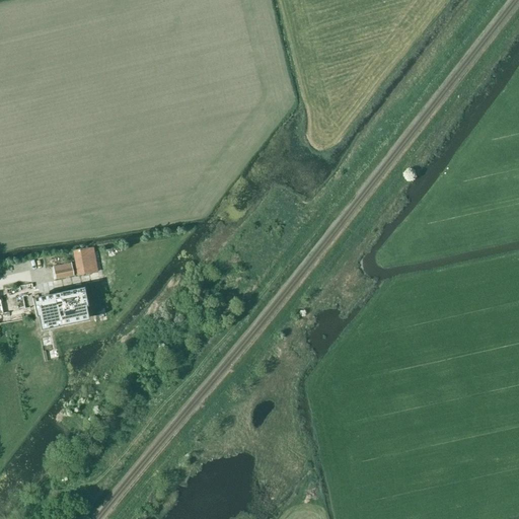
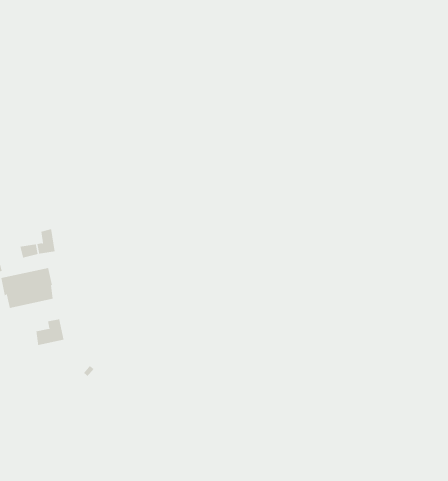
building: none -> [36,319,64,346]

